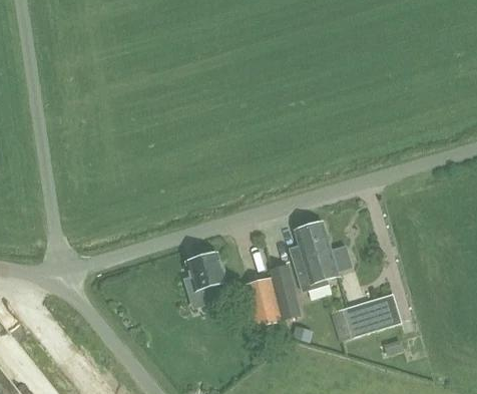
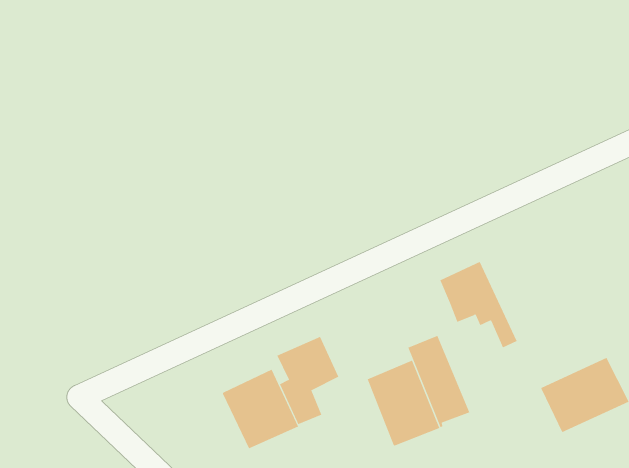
building: [289,245,328,291] -> none
building: none -> [222,369,299,449]
building: [331,307,357,341] -> none

